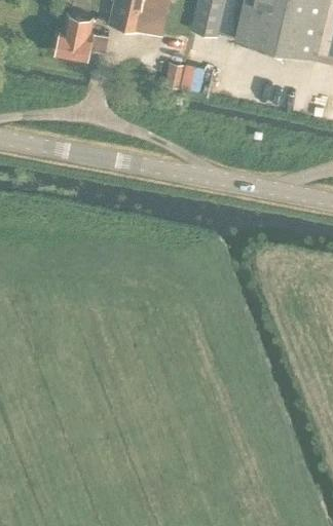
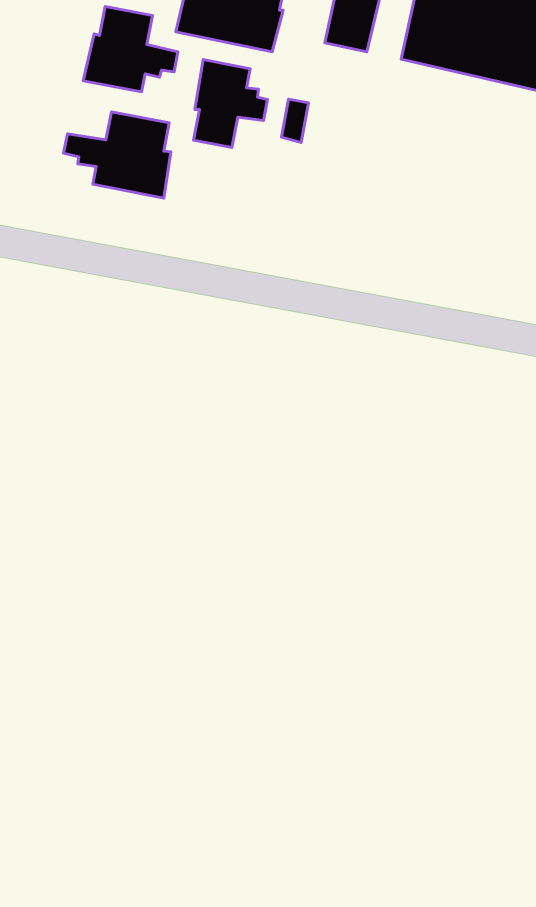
building: none -> [194,59,268,147]
building: none -> [63,112,171,198]

